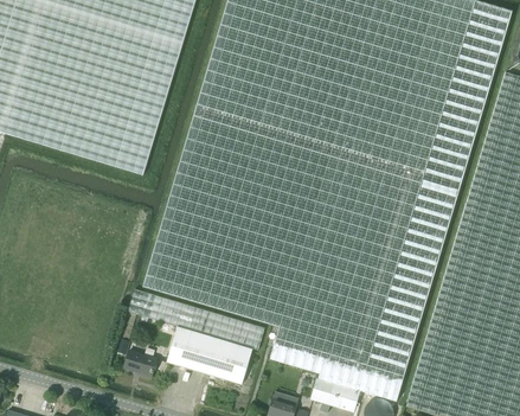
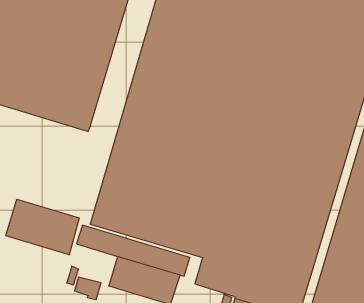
building: none -> [6,199,79,255]

